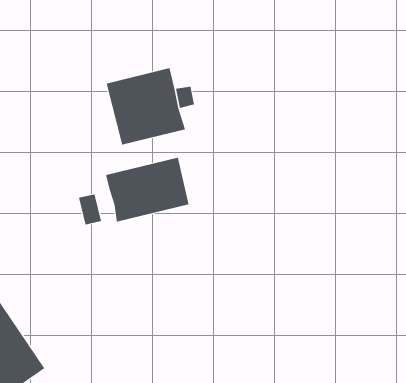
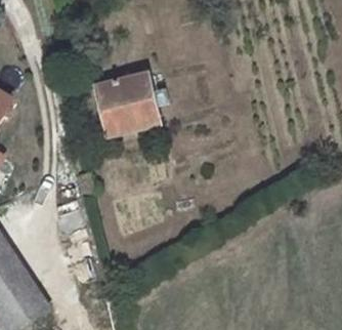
building: [106,157,189,222] -> none

